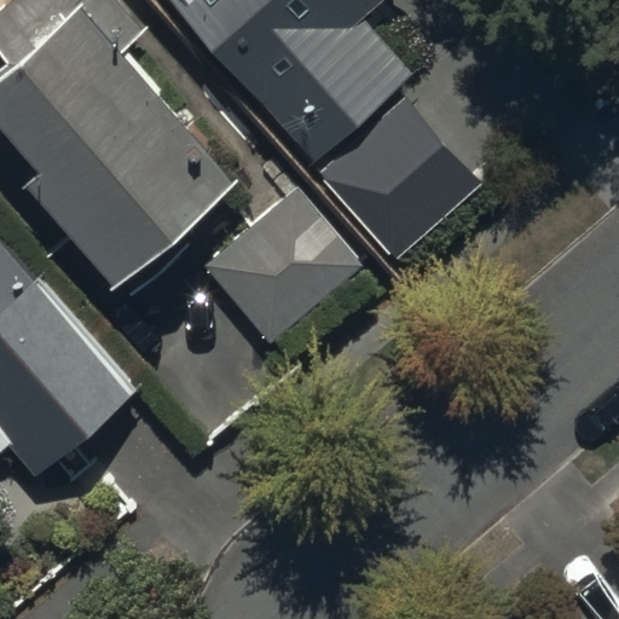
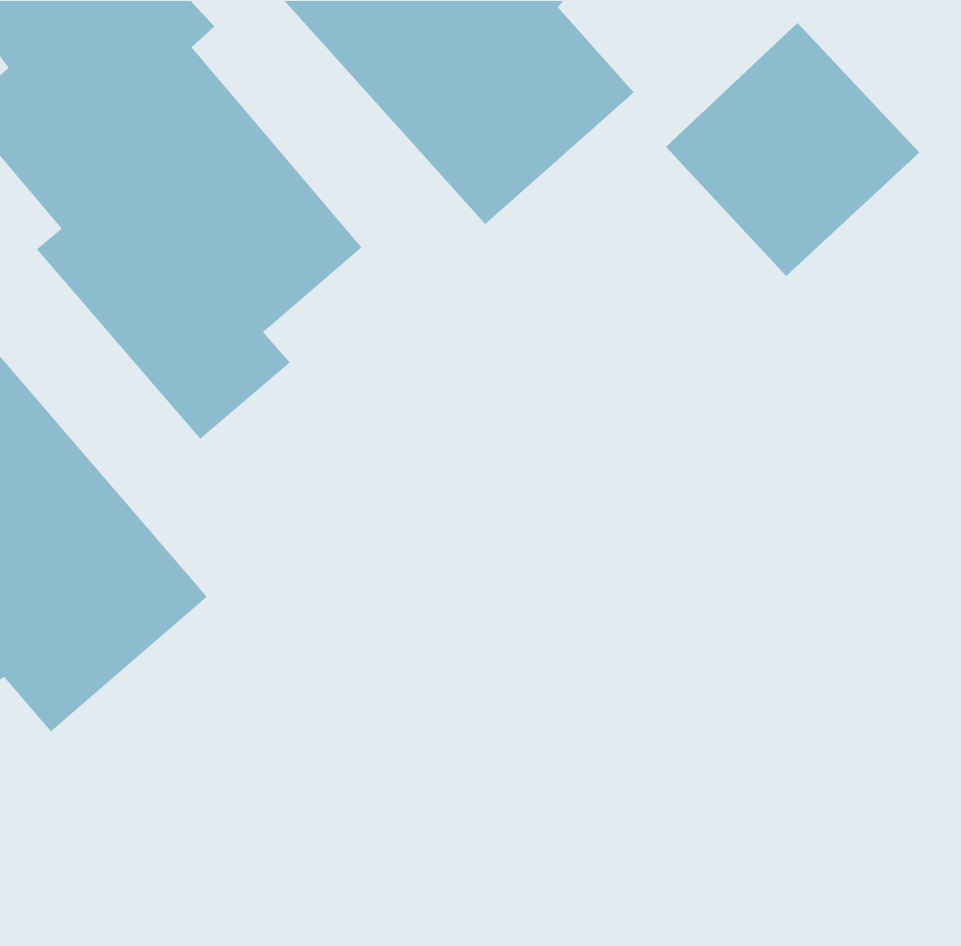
building: [317,94,480,258] -> [665,22,920,277]
building: [204,193,355,342] -> none

